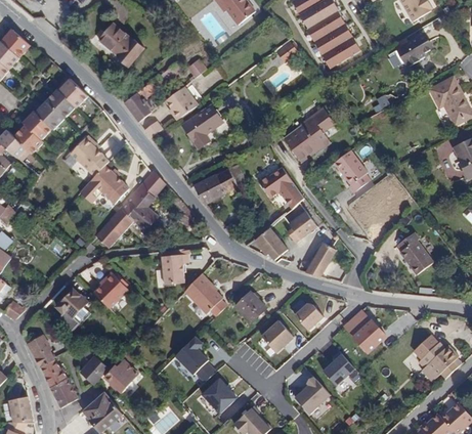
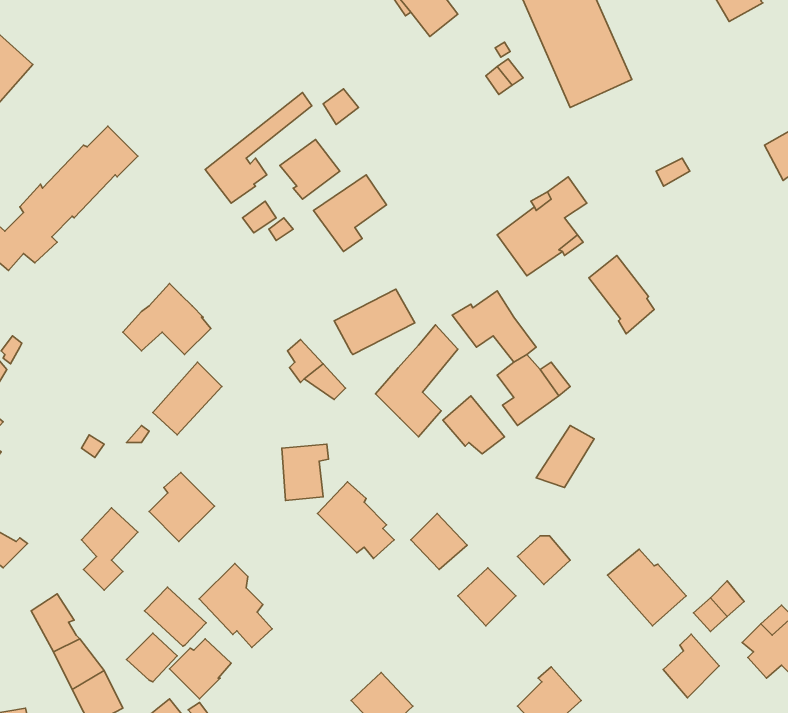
building: [98,21,145,67] -> none
building: [397,33,432,66] -> none
building: [69,137,108,177] -> none
building: [120,170,165,231] -> [376,325,458,437]
building: [398,231,433,274] -> none
building: none -> [144,587,206,646]
building: [176,335,216,381] -> [199,563,272,648]
building: [324,350,354,385] -> [663,634,719,698]

